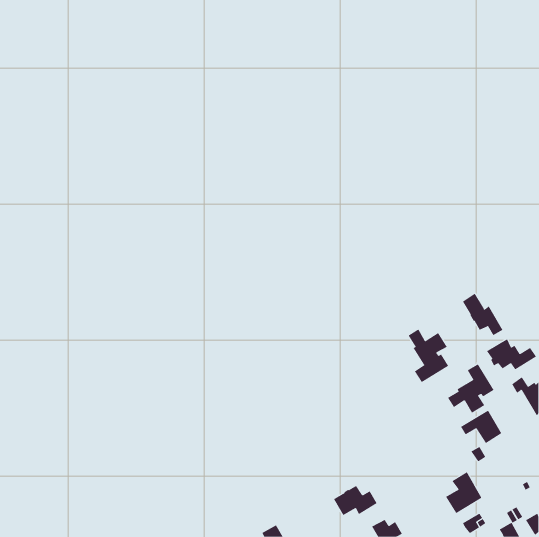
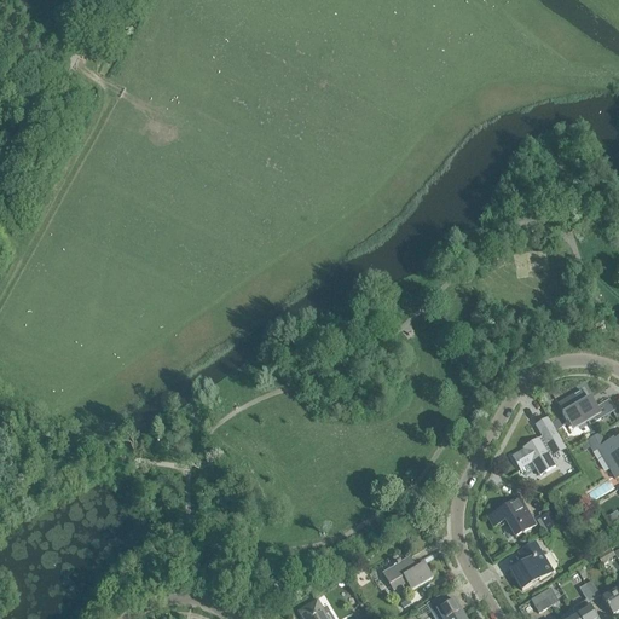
building: [462,293,503,336] -> none
building: [408,326,450,384] -> none
building: [460,410,502,444] -> [487,497,536,536]

